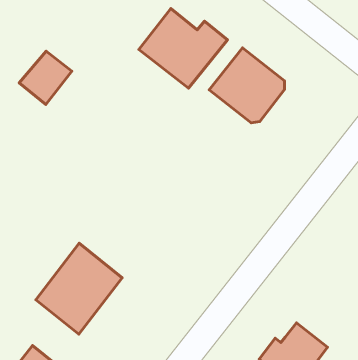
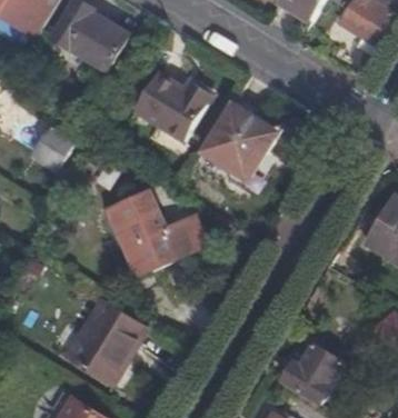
building: none -> [108,191,206,276]

